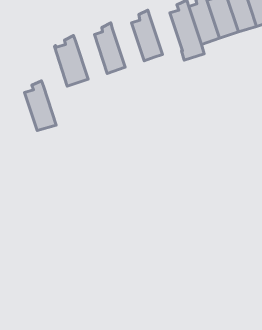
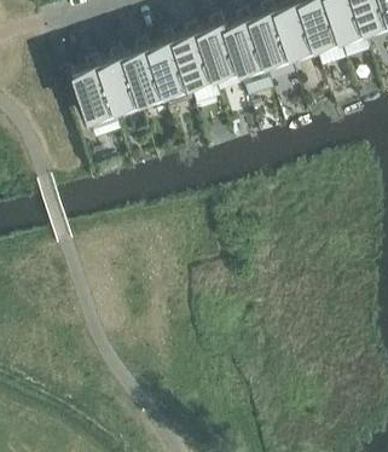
building: none -> [201,16,244,83]
building: none -> [151,33,193,100]
building: [24,81,56,131] -> [102,50,144,116]

